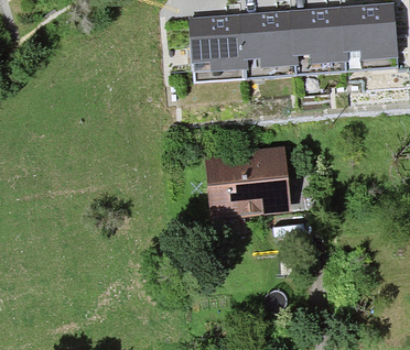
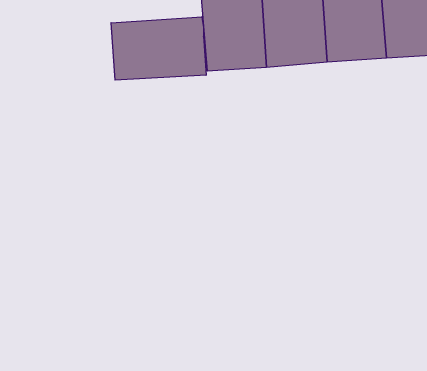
building: none -> [111,17,206,80]
building: [204,145,291,219] -> none

